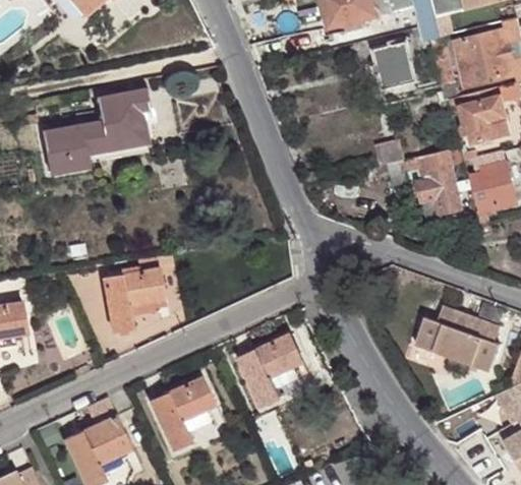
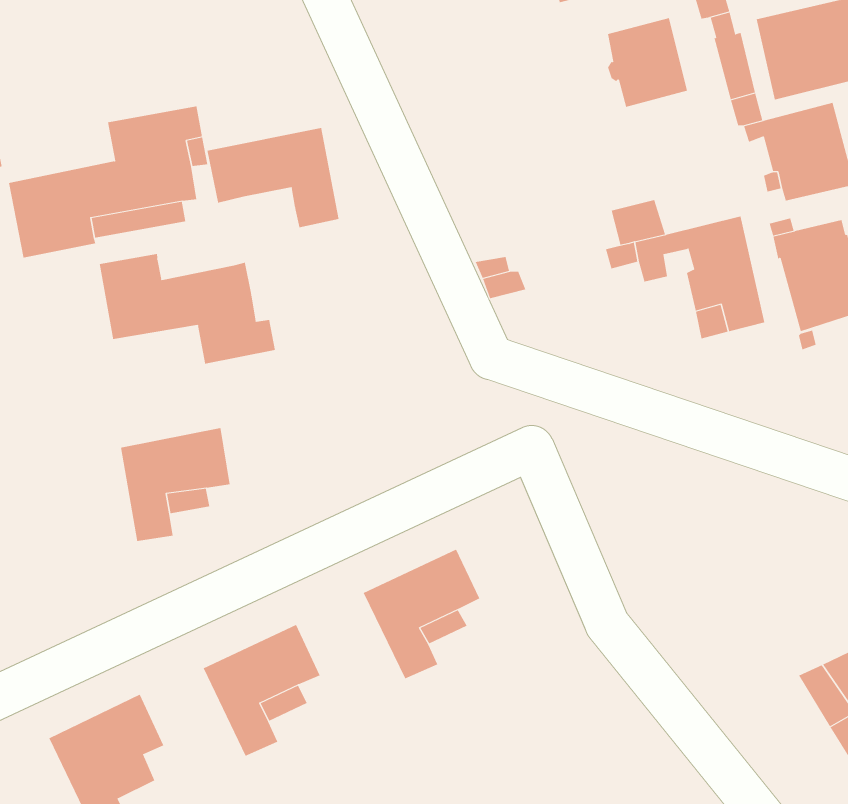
building: none -> [207,127,339,228]
building: none -> [99,253,275,365]
building: [415,306,501,370] -> none

